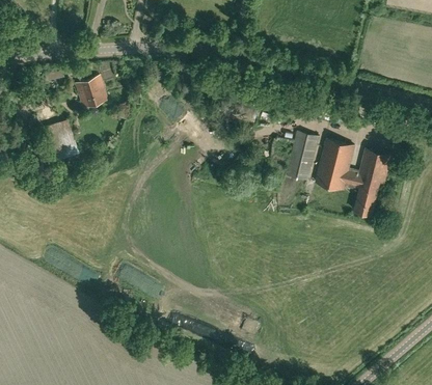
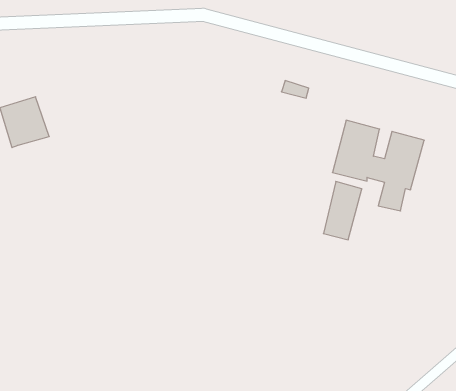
building: [76,76,108,109] -> none
building: [287,132,319,181] -> [323,181,362,240]

